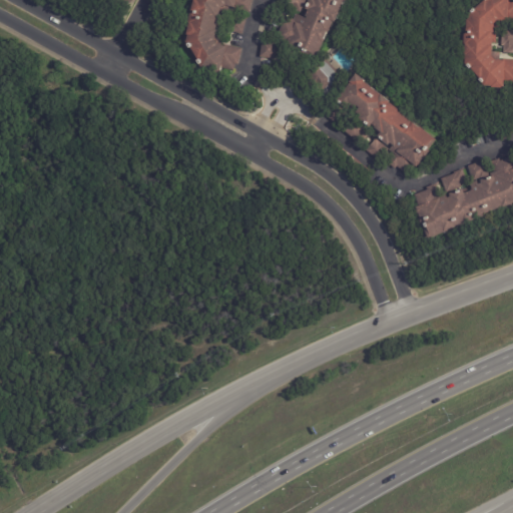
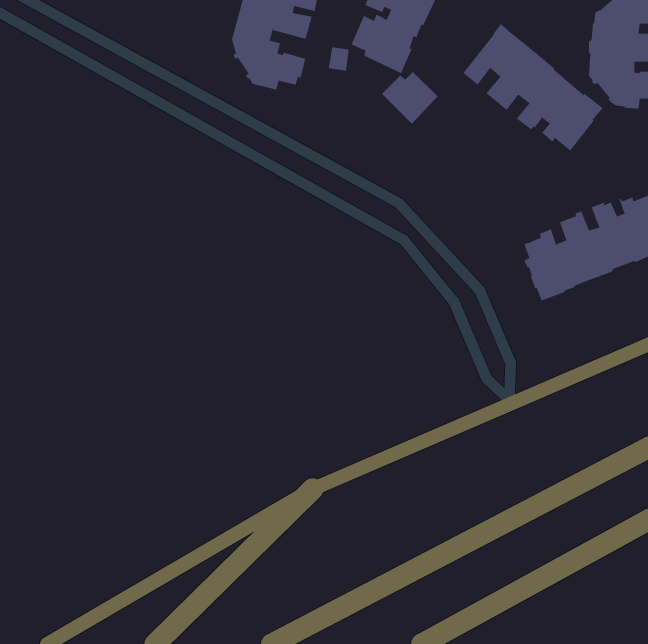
building: [325,72,436,173] -> [462,23,604,151]

